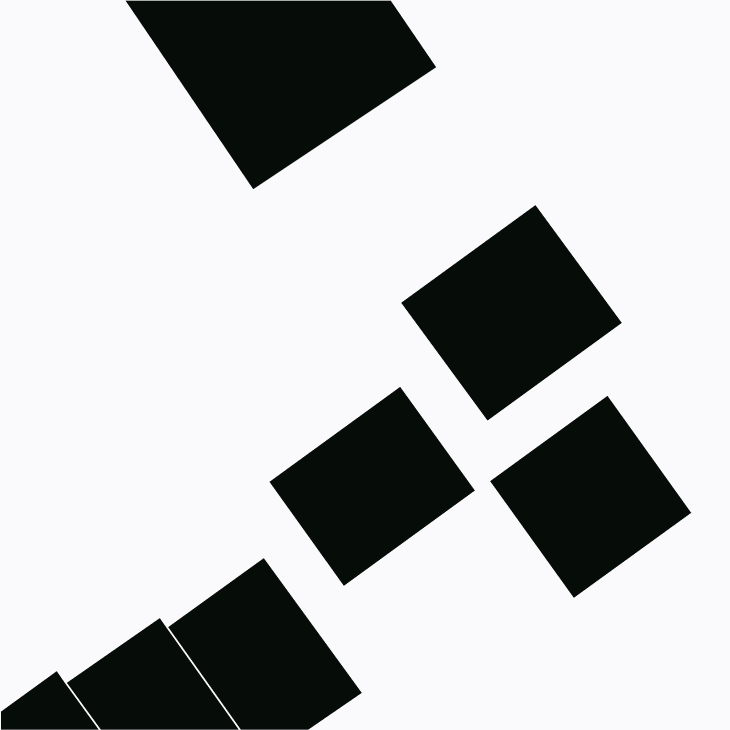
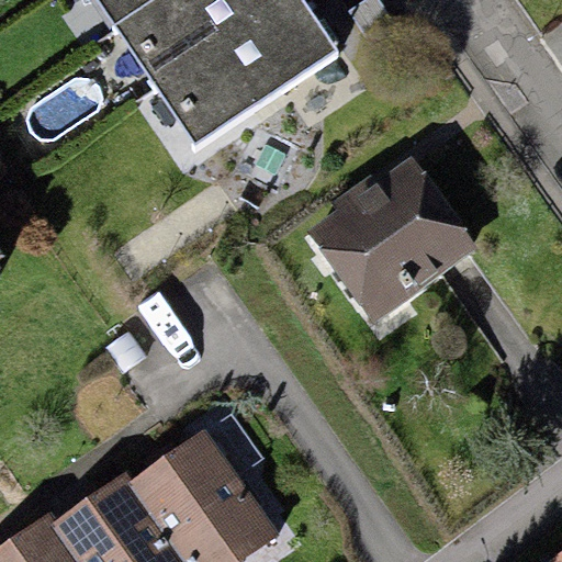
building: [268,386,476,587] -> none
building: [489,395,692,599] -> none

